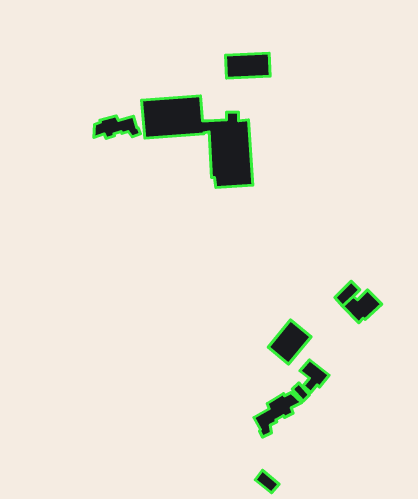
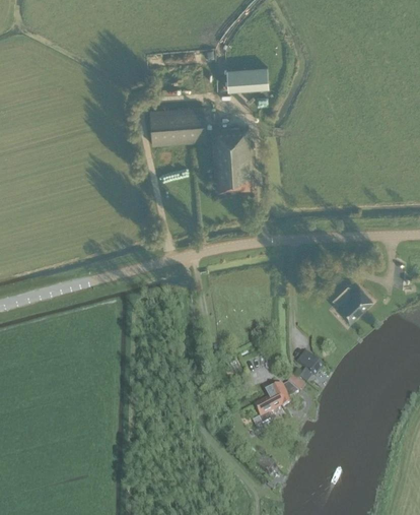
building: [94,116,140,139] -> none
building: [268,320,311,364] -> none

